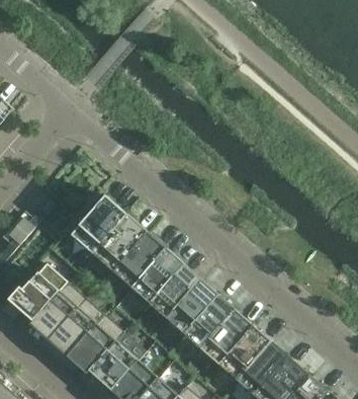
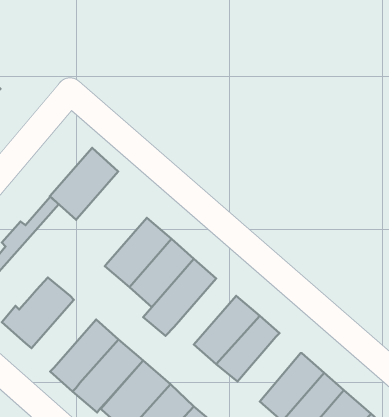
building: [70,194,125,253] -> [50,148,118,220]
building: [148,263,198,317] -> none
building: [28,281,84,339] -> none
building: [199,308,252,364] -> none

